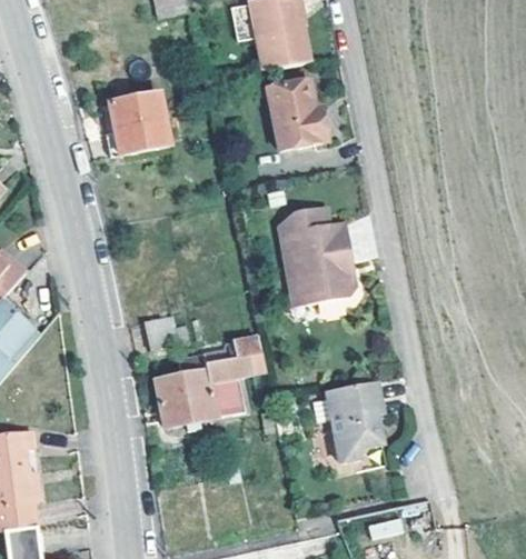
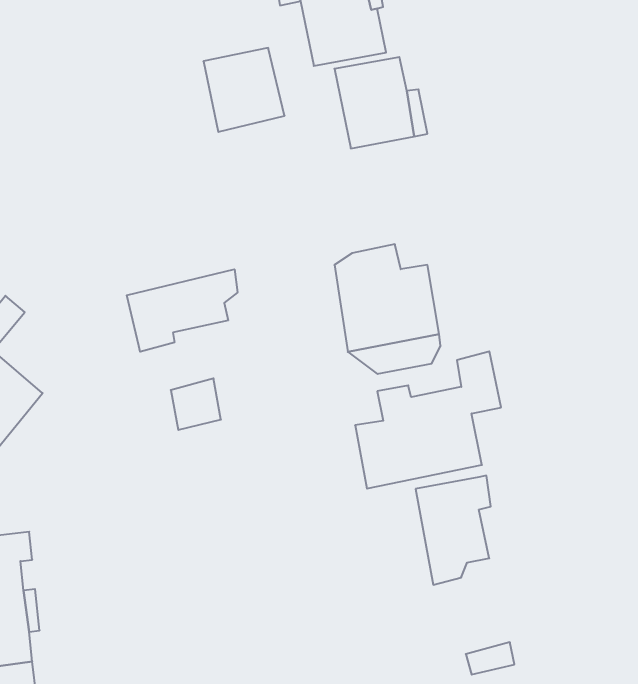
building: [109,93,170,157] -> [203,48,285,132]
building: none -> [127,269,238,352]
building: [155,323,265,427] -> [355,351,501,489]

